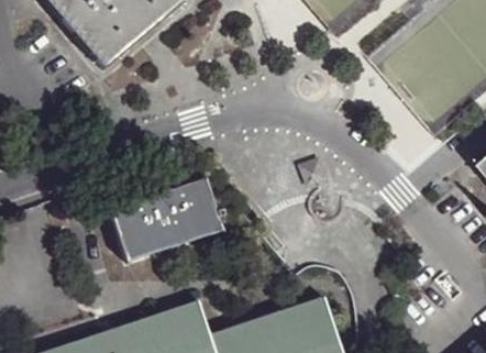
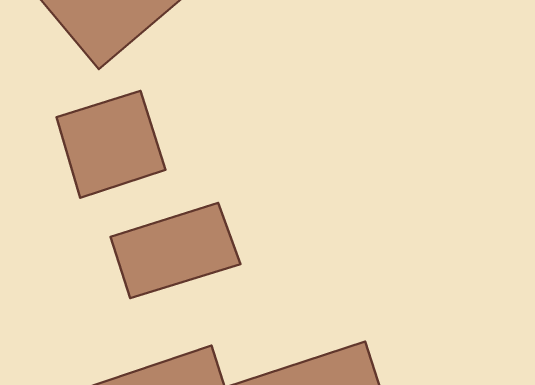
building: none -> [57,91,166,198]

